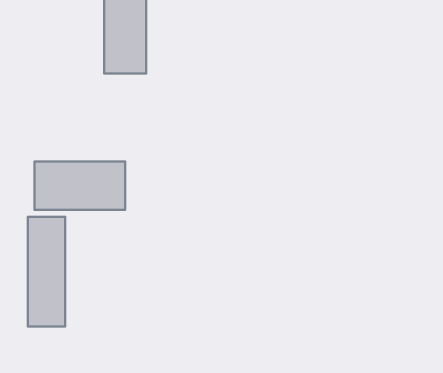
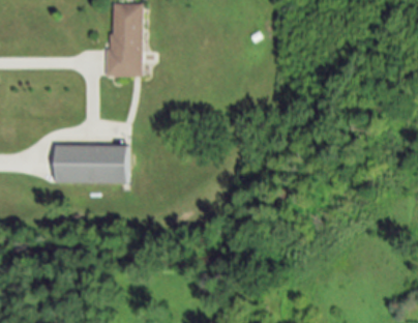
building: [28,217,65,326] -> none

